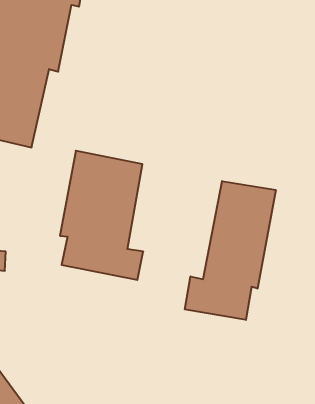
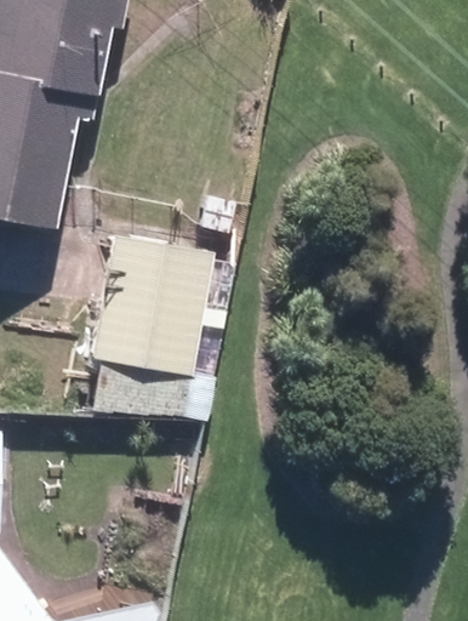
building: [185,181,276,320] -> none

